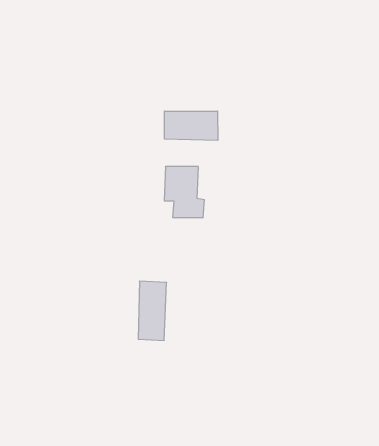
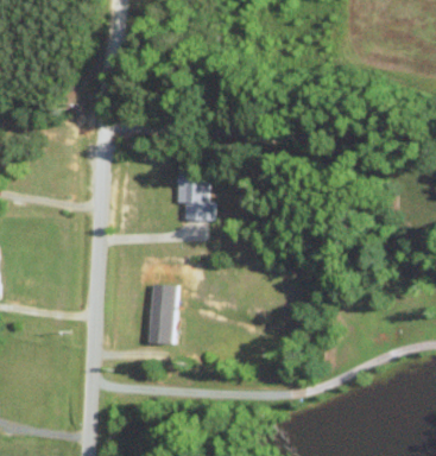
building: [164,111,218,140] -> none

